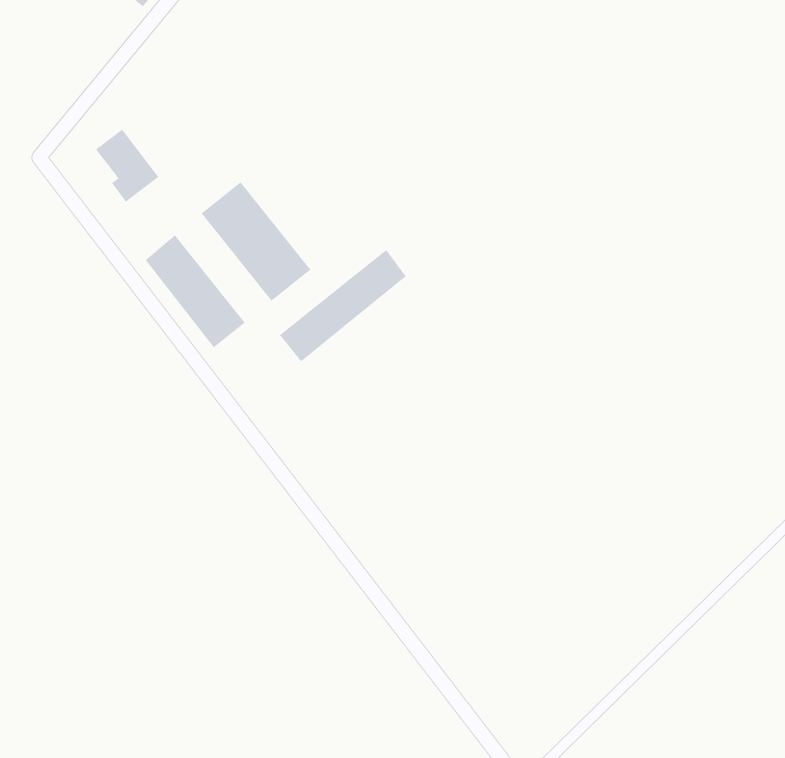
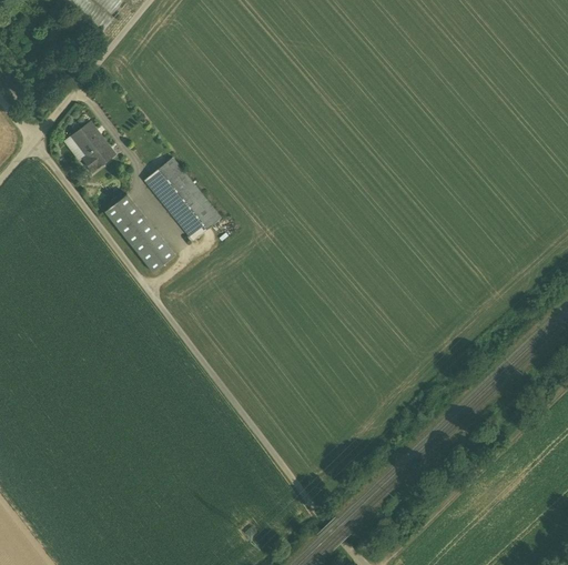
building: [279,249,406,362] -> none

